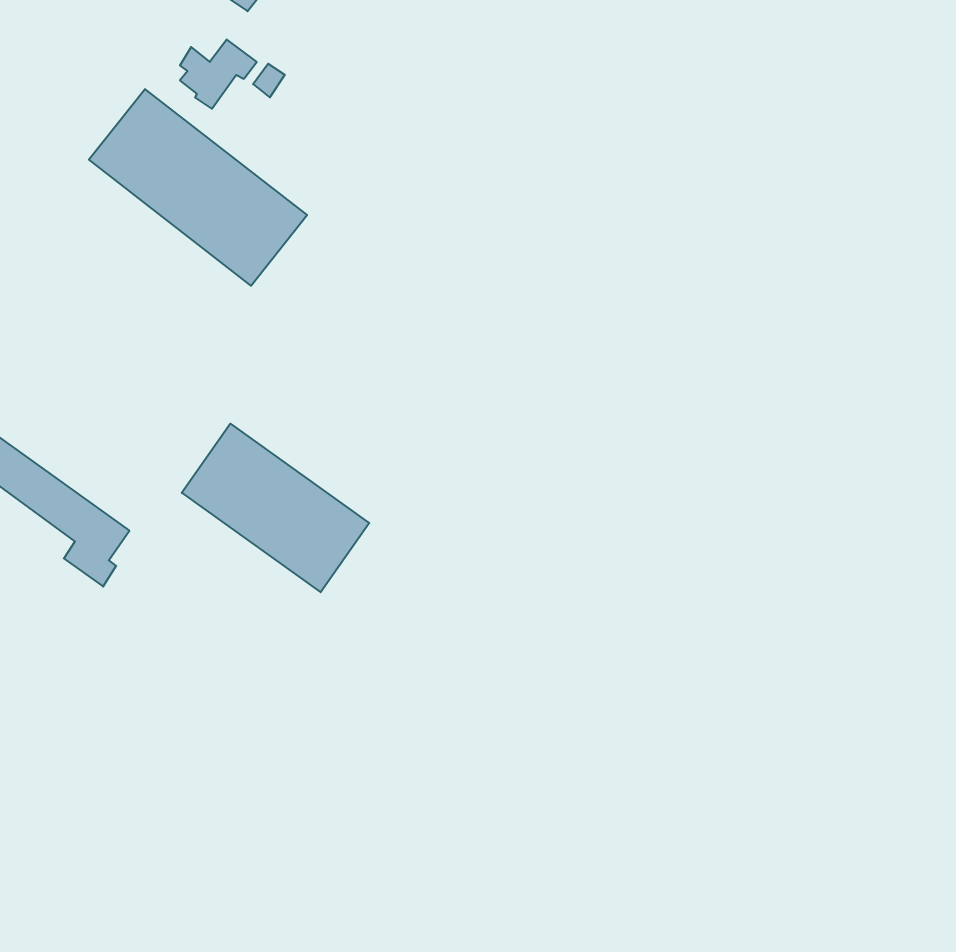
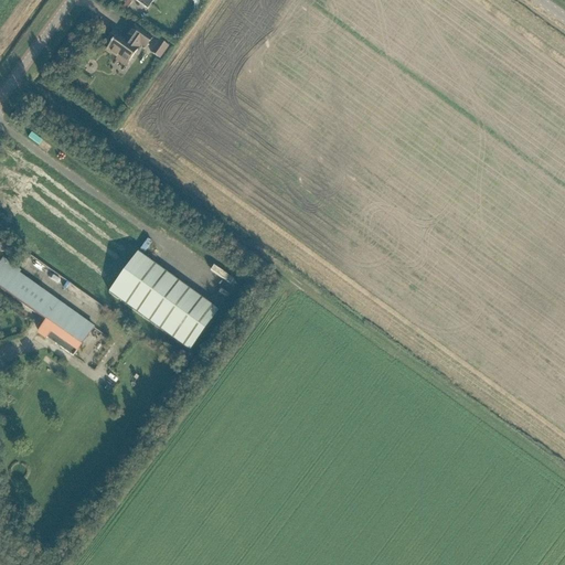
building: [89,89,307,286] -> none
building: none -> [61,312,93,354]

